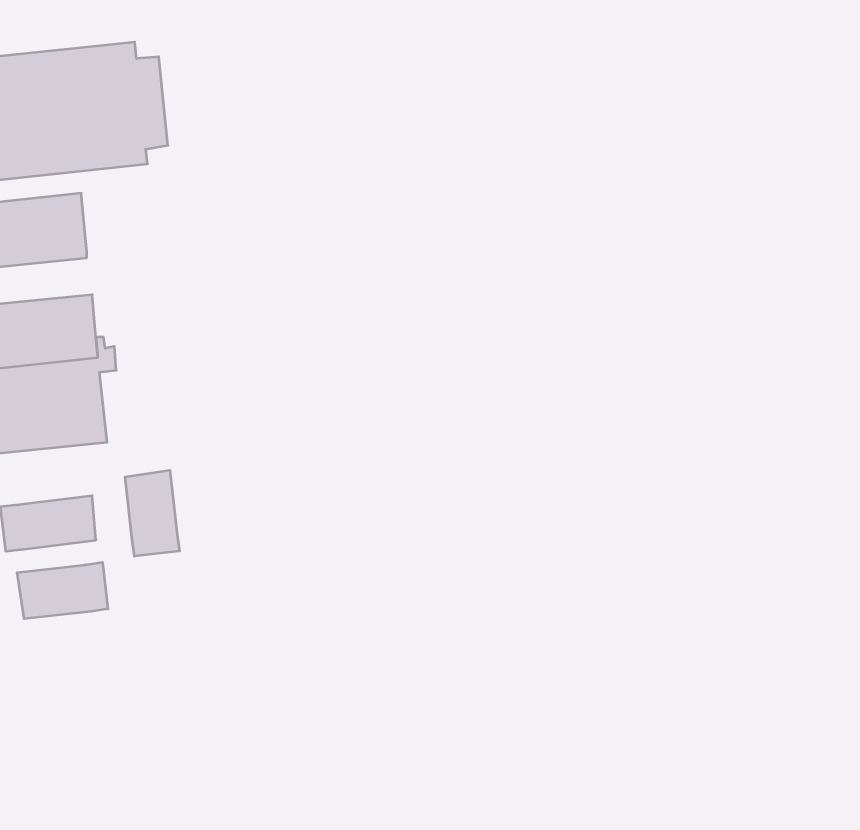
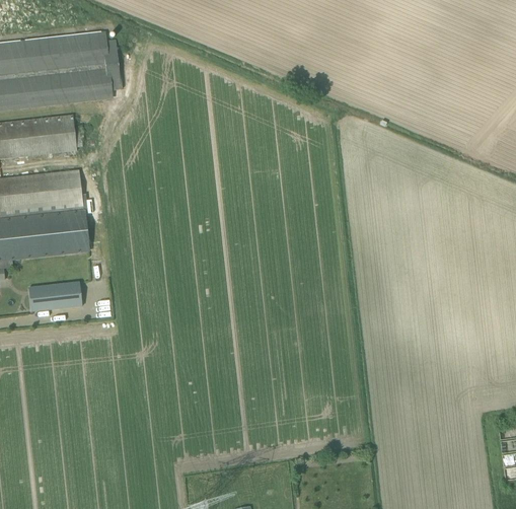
building: [125,470,180,556] -> none
building: [17,562,108,619] -> none

